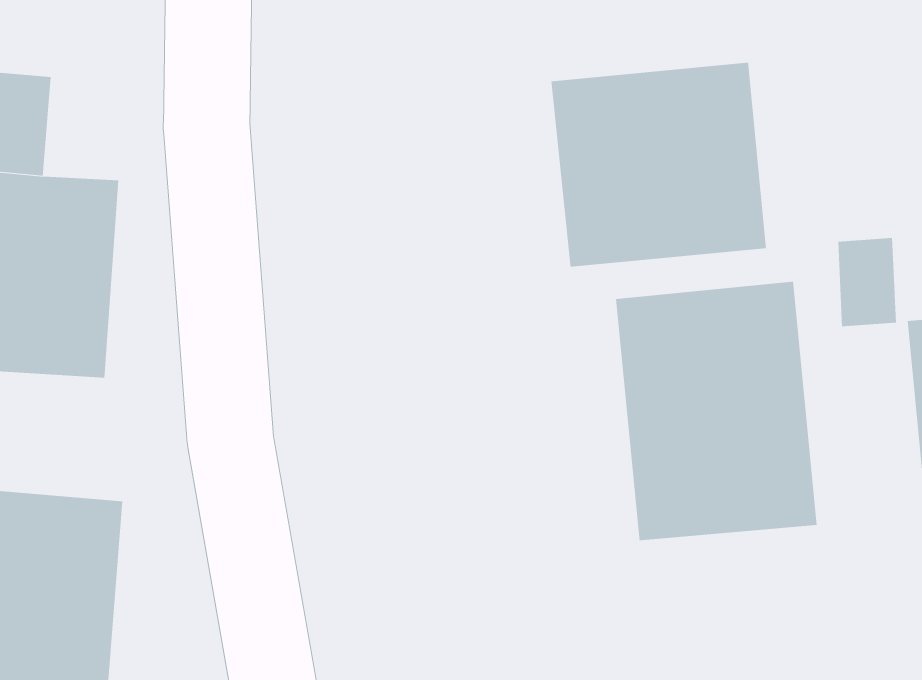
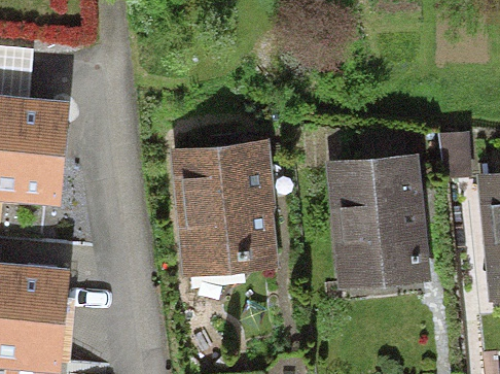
building: [551,62,766,268] -> none
building: none -> [172,140,280,278]

